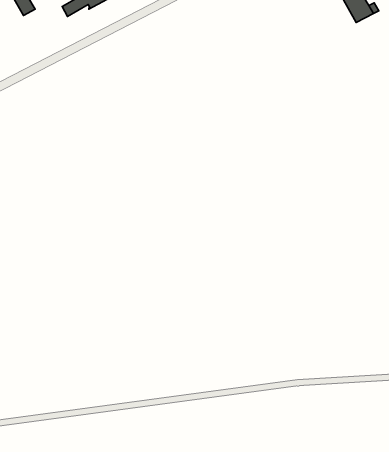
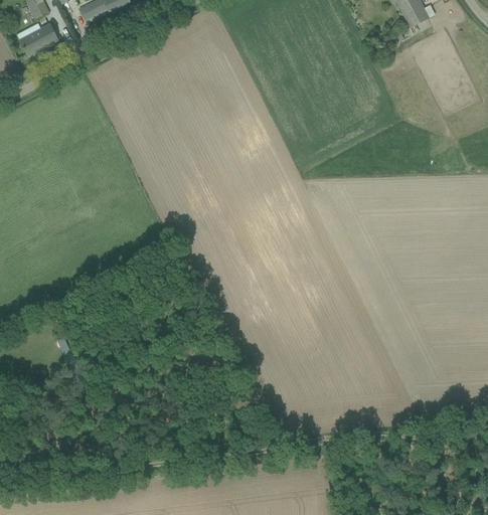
building: none -> [20,24,57,54]

